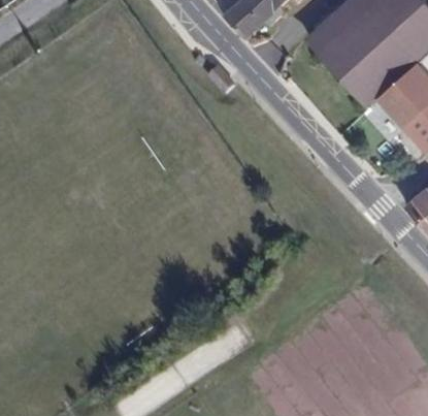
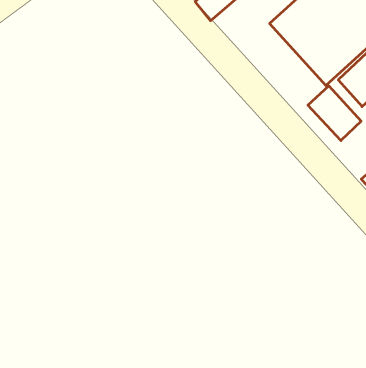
building: none -> [308,86,361,141]

